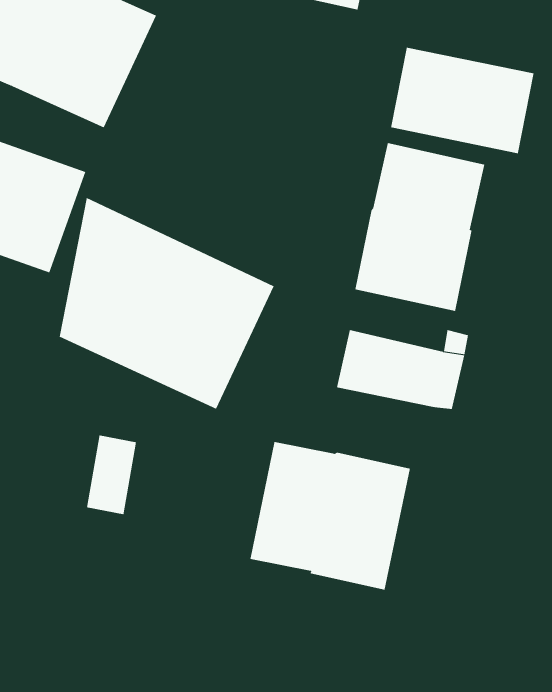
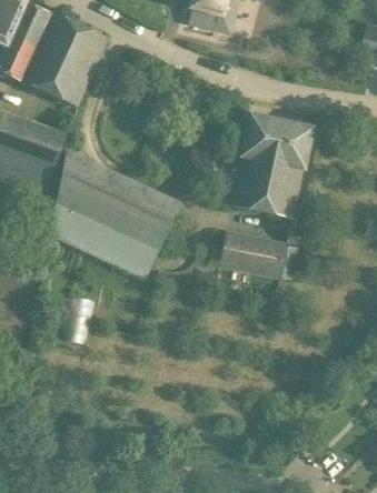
building: [390,47,534,154] -> none
building: [250,441,411,590] -> none

